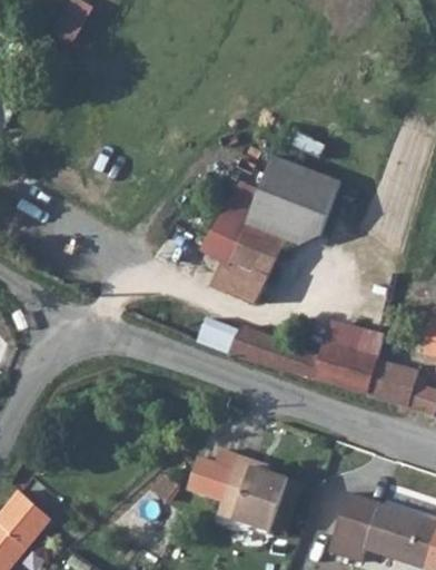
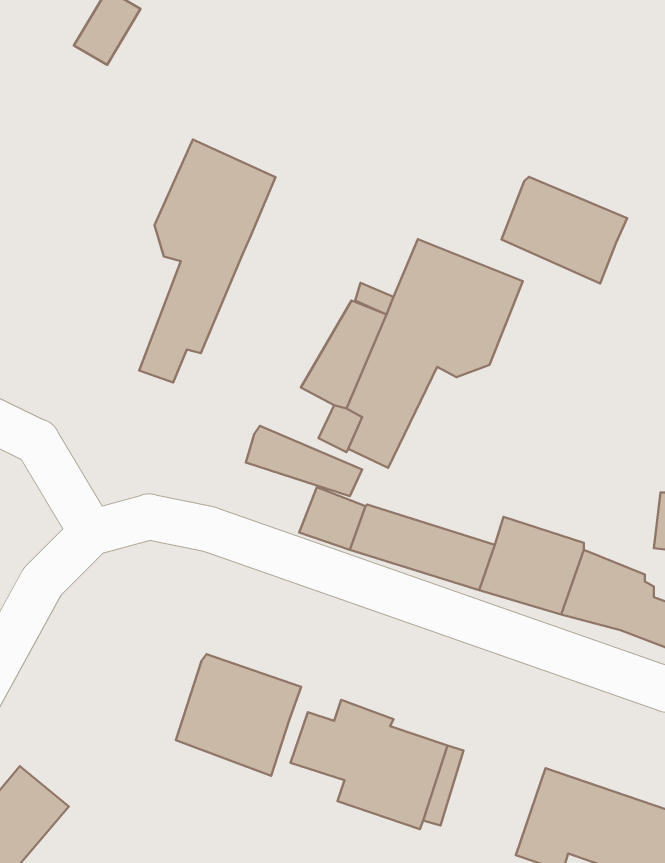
building: none -> [139,140,276,383]
building: none -> [501,177,627,283]
building: none -> [246,426,362,496]
building: none -> [176,654,301,776]

